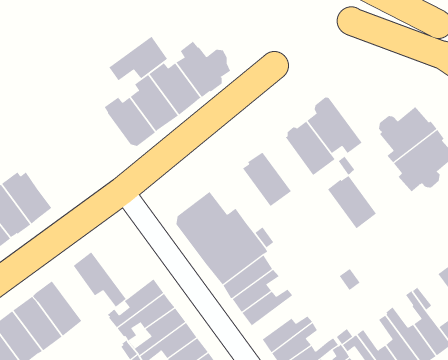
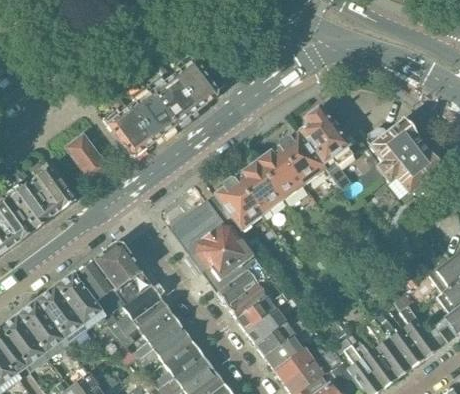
building: [108,36,168,81] -> none
building: none -> [67,136,108,180]
building: none -> [29,163,75,216]
building: none -> [215,178,264,231]
building: [327,175,377,229] -> [257,148,305,200]
building: none -> [92,243,152,304]
building: none -> [54,272,102,325]
building: none -> [246,300,292,343]

